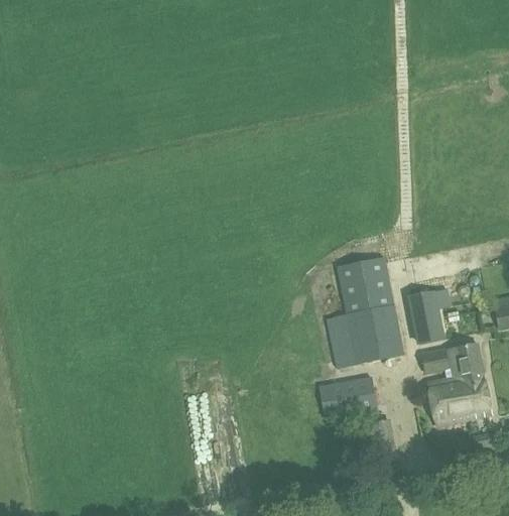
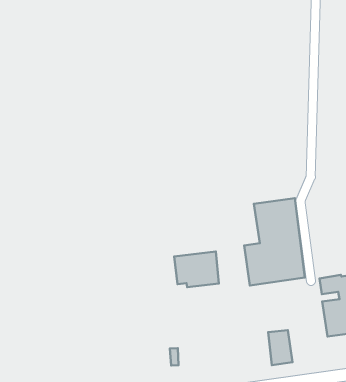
building: [406,289,446,344] -> none
building: [320,375,377,421] -> [174,252,219,287]

